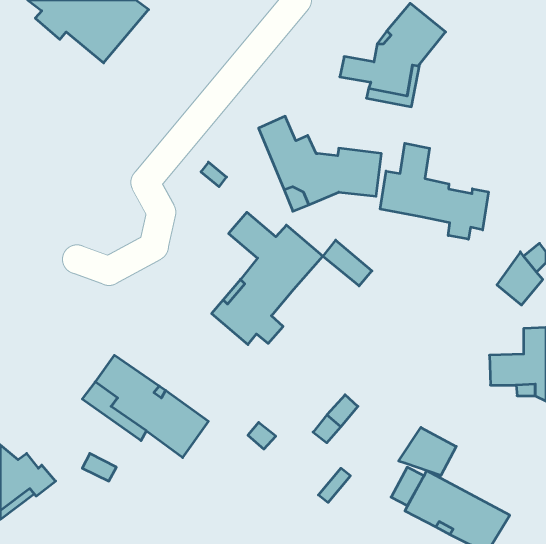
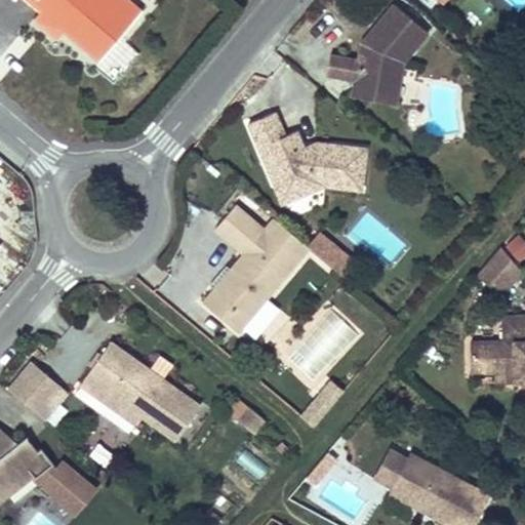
building: [380,143,488,239] -> none
building: none -> [6,359,70,421]
building: [399,427,456,476] -> none
building: none -> [35,457,98,516]

